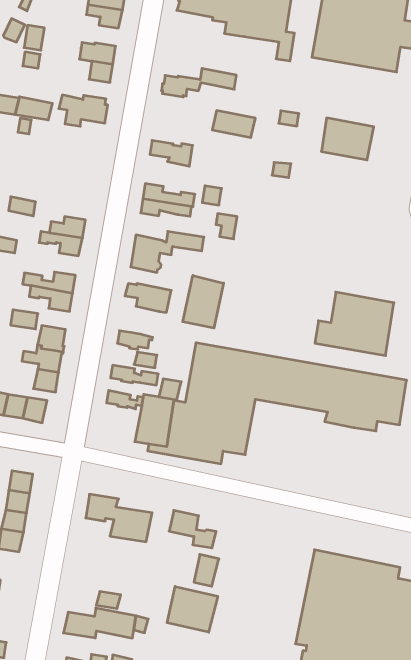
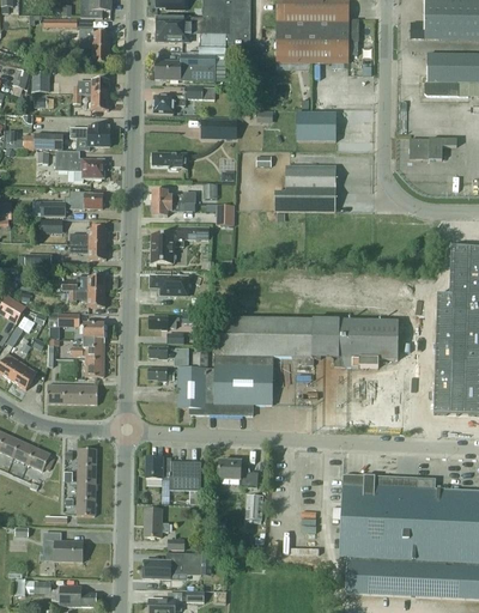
building: none -> [156,53,216,80]
building: none -> [55,150,105,181]
building: none -> [41,189,103,216]
building: [183,275,224,328] -> none
building: [315,292,394,356] -> [274,164,335,211]
building: none -> [144,508,169,536]
building: [167,586,218,632] -> none

